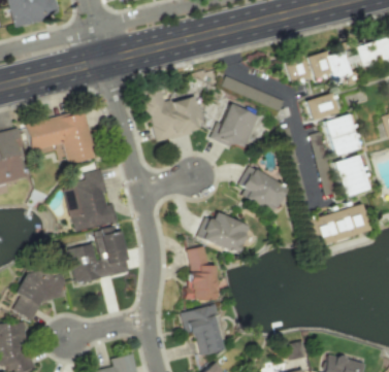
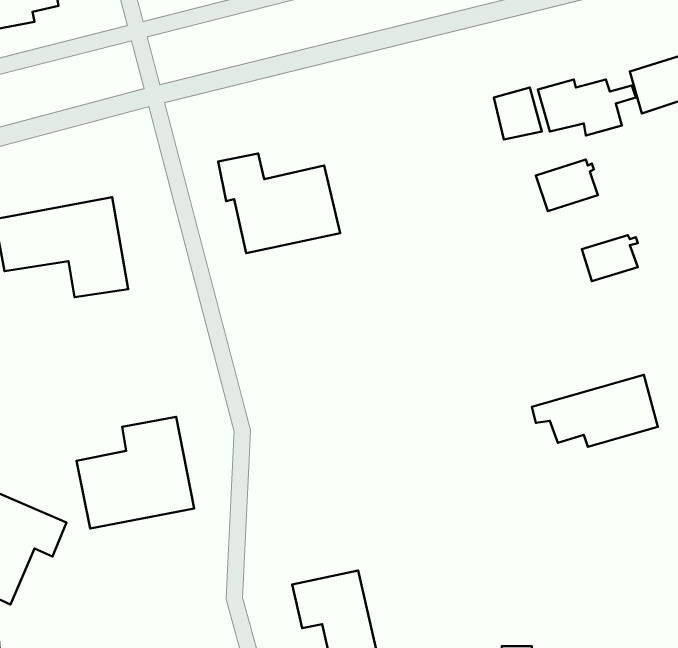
building: [215,103,259,150] -> none
building: [324,113,356,138] -> none
building: [334,155,368,197] -> none
building: [238,166,287,214] -> none
building: [66,170,119,232] -> none
building: [197,212,249,256] -> none
building: [187,247,217,300] -> none

